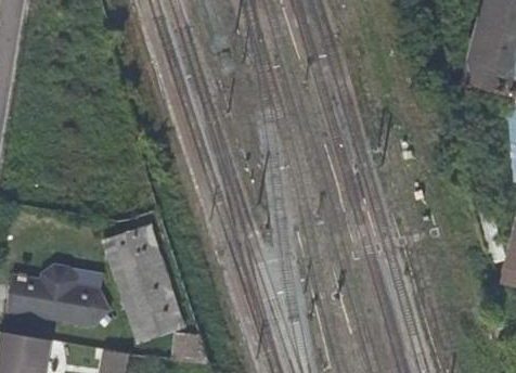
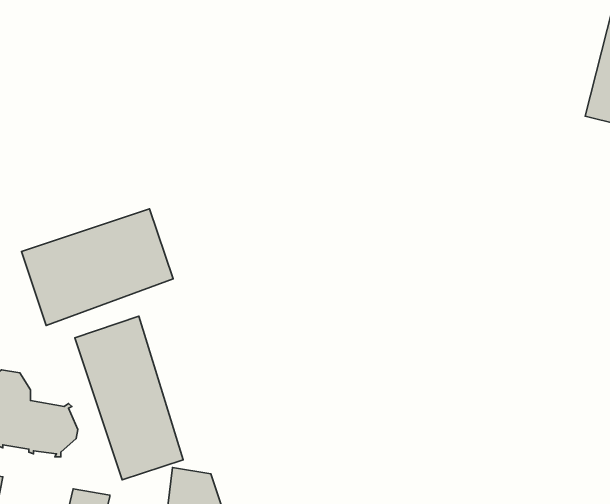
building: none -> [21,209,173,325]

